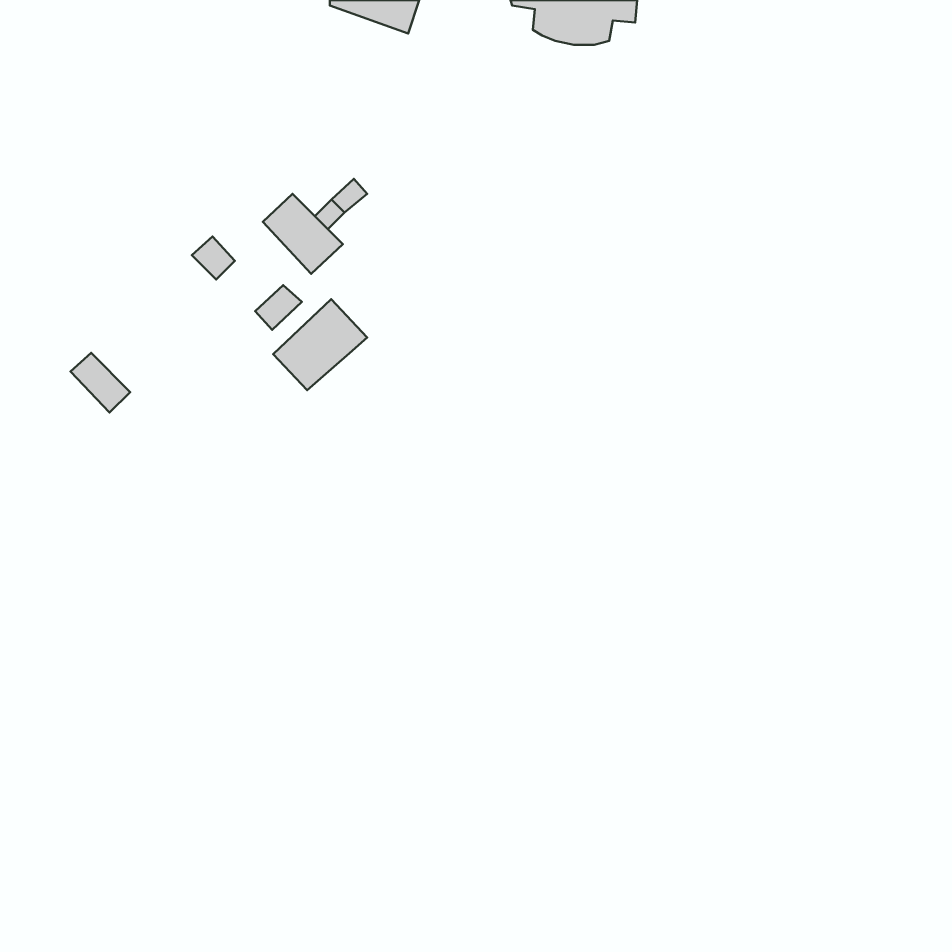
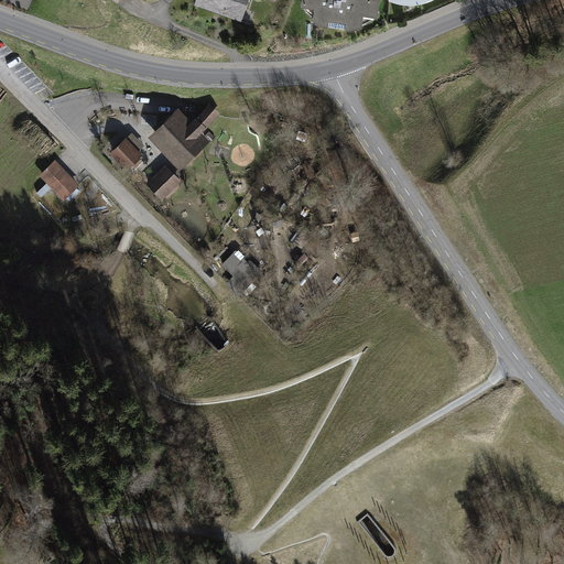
building: [273,299,367,390] -> none
building: [71,353,130,413] -> [42,162,77,197]
building: none -> [223,253,252,292]

